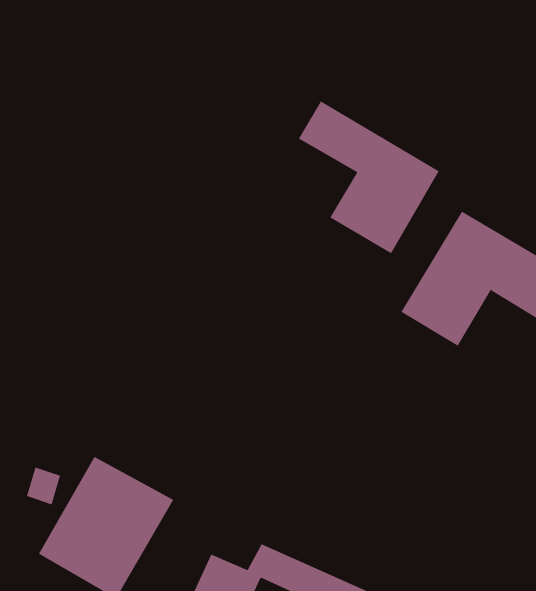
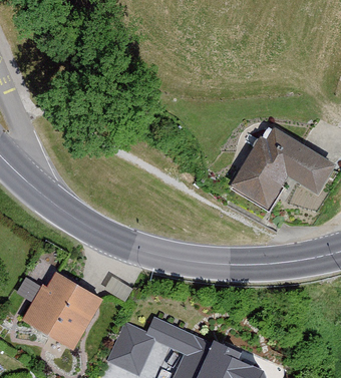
building: [298,100,440,254] -> none

